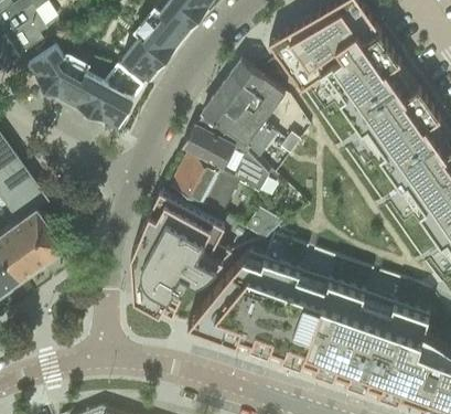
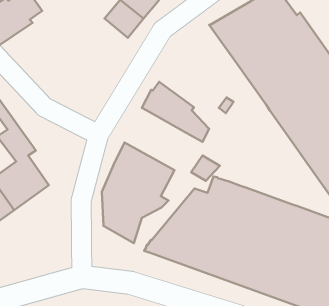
building: [125,38,167,79] -> none
building: [31,45,146,127] -> none
building: [204,61,287,158] -> none
building: [172,151,241,213] -> none

